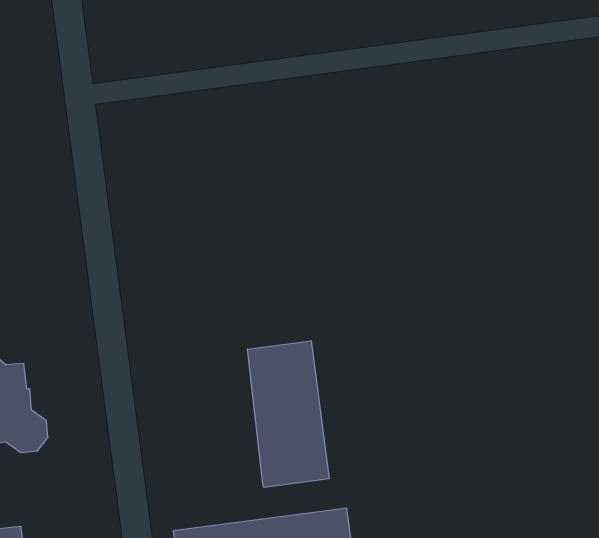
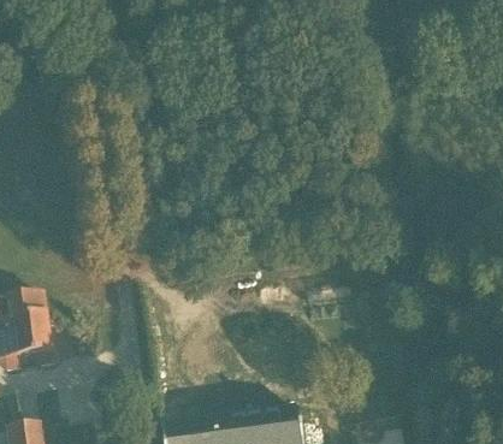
building: [248,341,329,487] -> none

